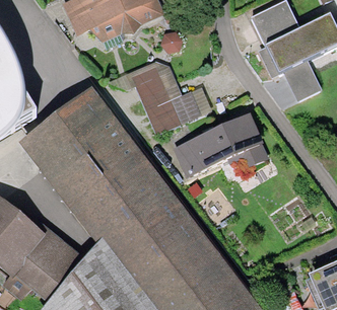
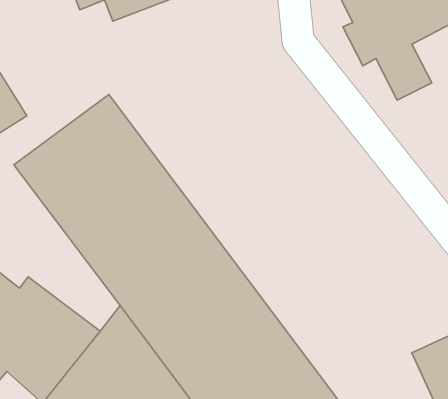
building: [131,61,199,134] -> none
building: [178,109,272,174] -> none

